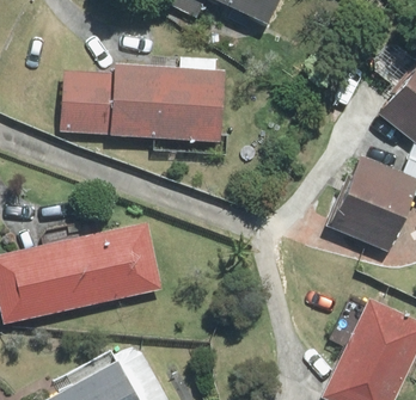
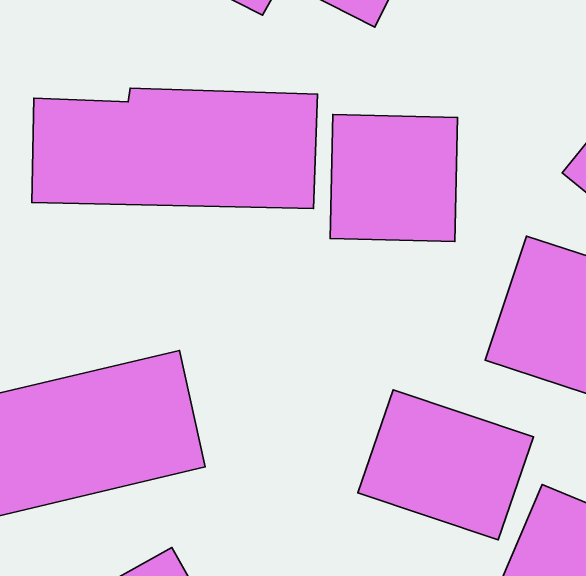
building: none -> [330,114,458,242]
building: none -> [358,390,533,540]

